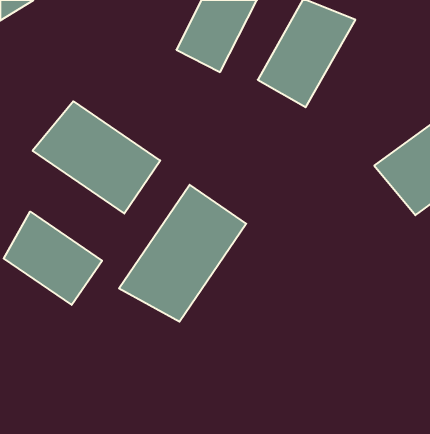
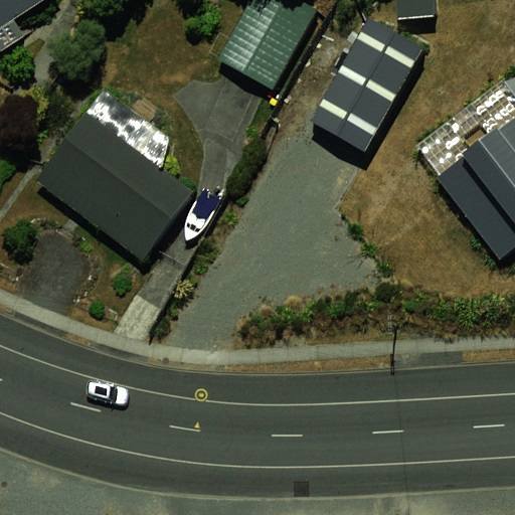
building: [119,185,246,322] -> none
building: [4,212,102,305] -> none

